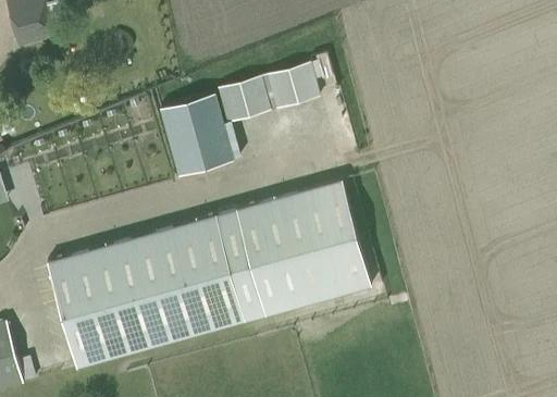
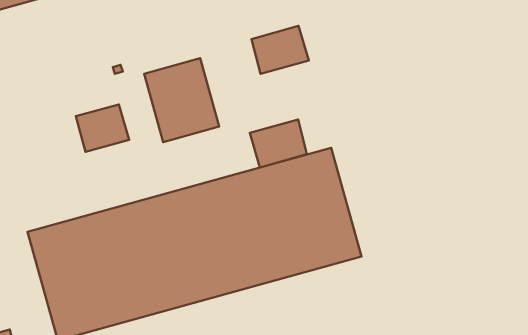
building: [216,76,272,123] -> [250,119,307,168]
building: none -> [76,105,129,152]

